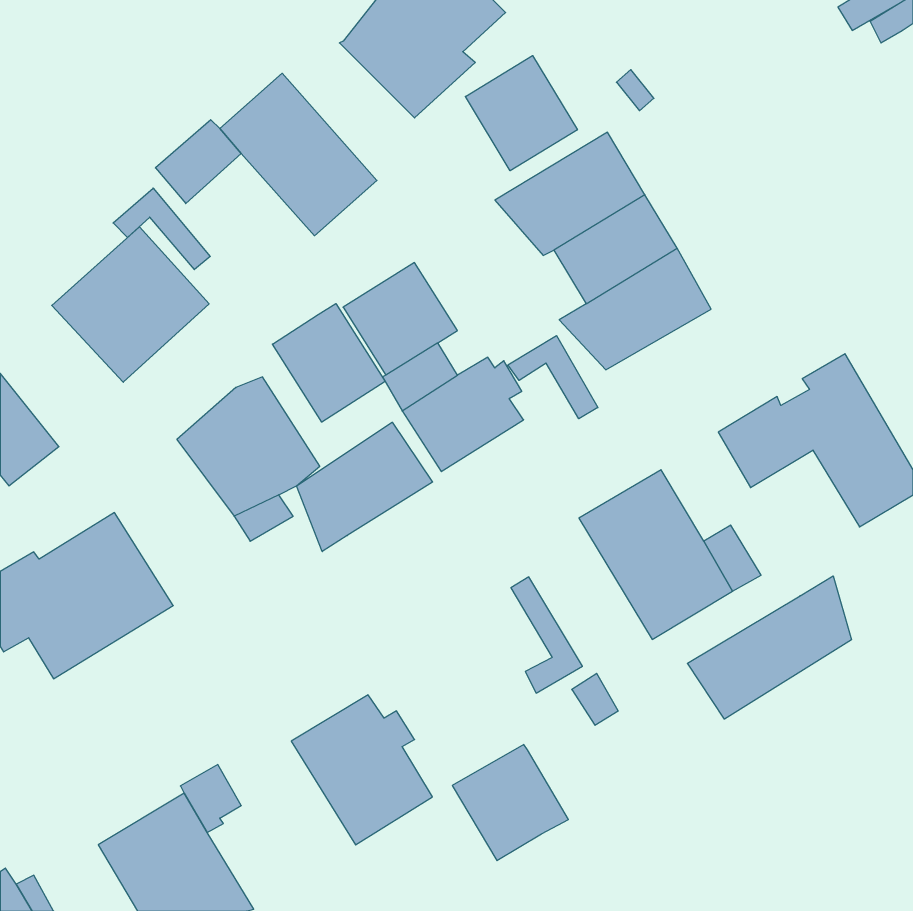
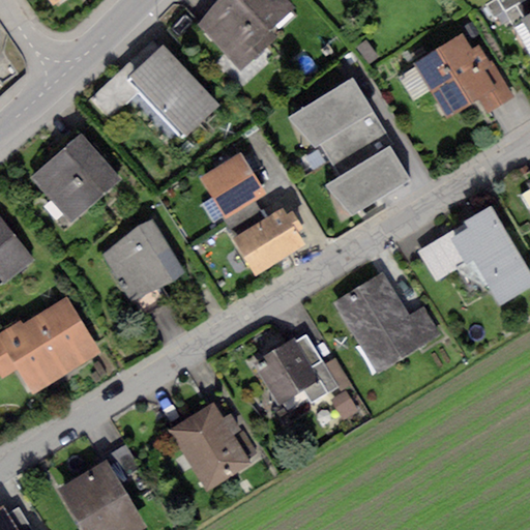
building: [465,56,577,171] -> none
building: none -> [411,33,514,121]
building: [113,188,210,270] -> none
building: [272,304,385,422] -> none
building: [508,336,598,419] -> none
building: [296,422,433,552] -> none
building: [687,576,852,719] -> none
building: [452,745,568,861] -> [253,337,320,405]

